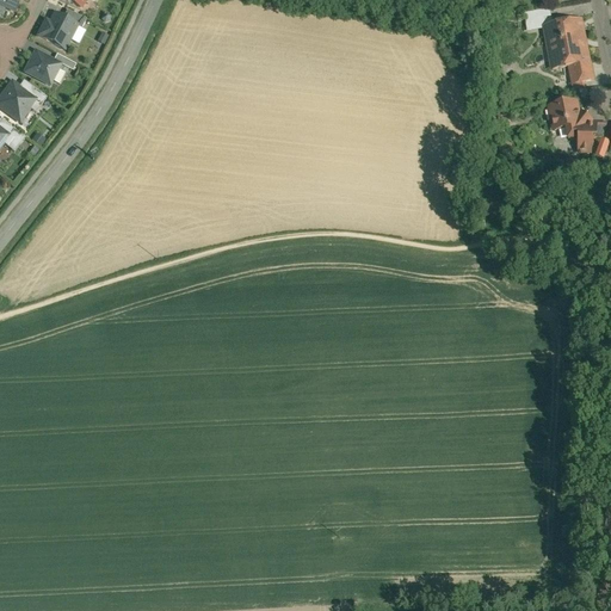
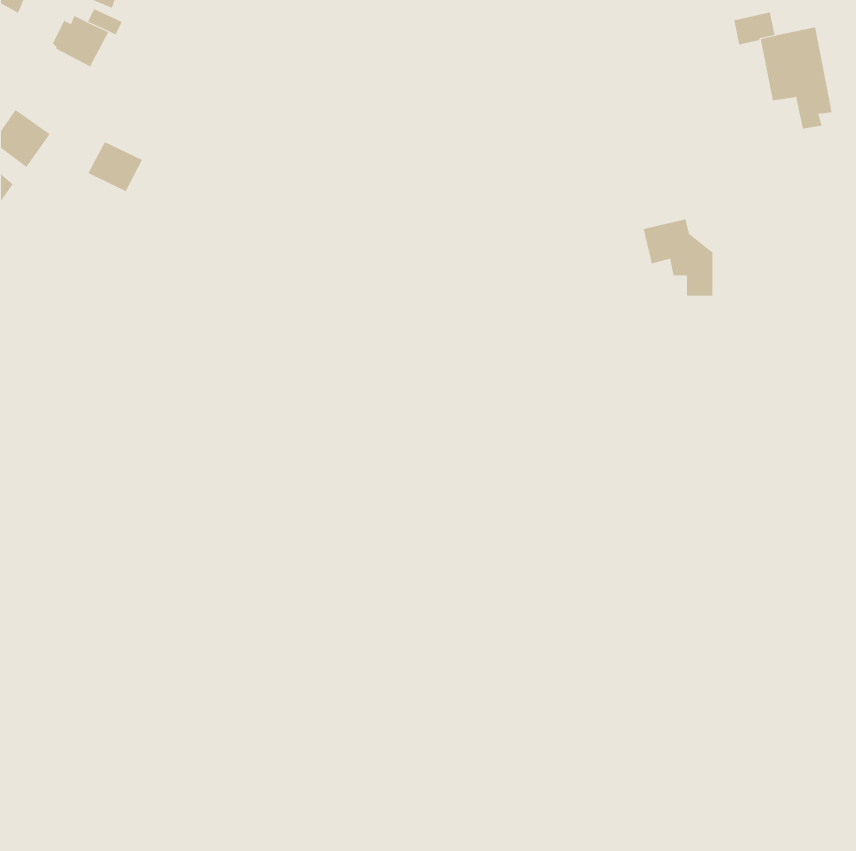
building: [24,47,63,82] -> [88,141,143,192]
building: [545,99,595,154] -> [643,219,713,296]

